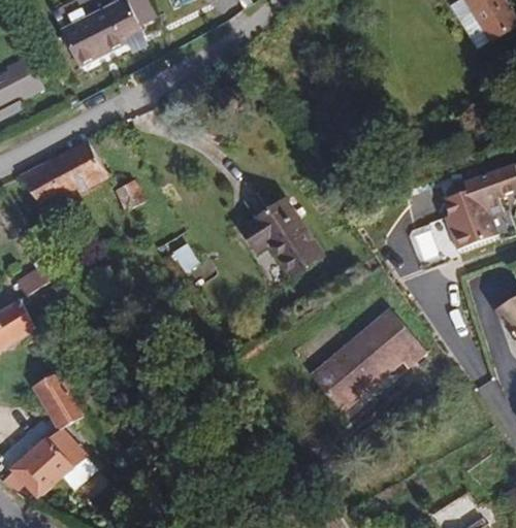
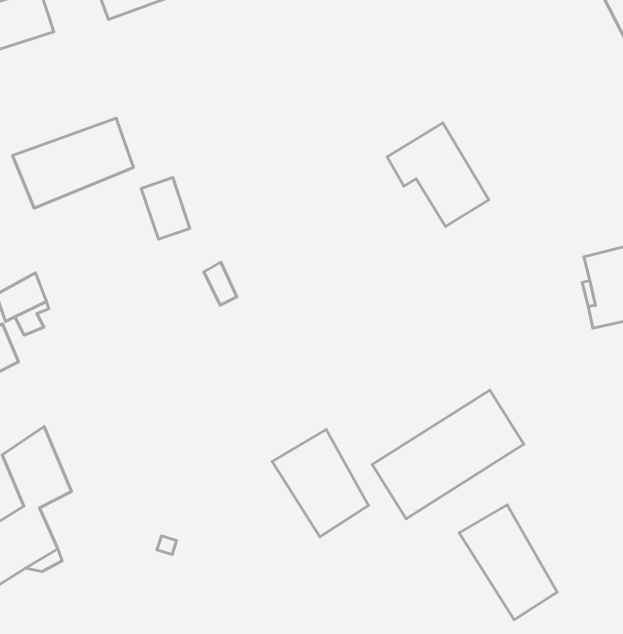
building: [249,202,325,276] -> [387,123,489,227]
building: none -> [272,429,369,537]
building: none -> [459,505,557,620]

